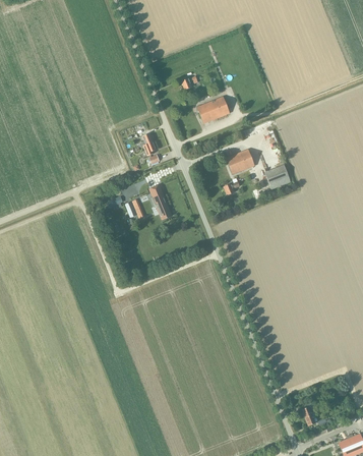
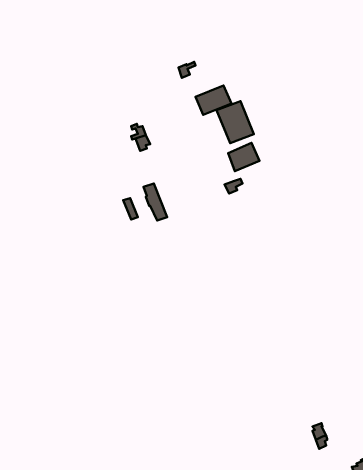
building: none -> [217,101,254,143]
building: [263,164,291,188] -> none

